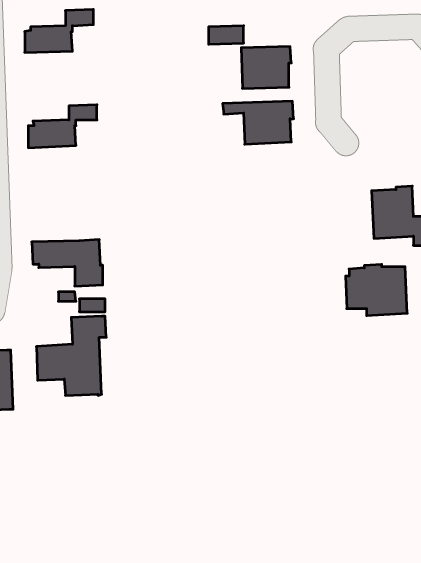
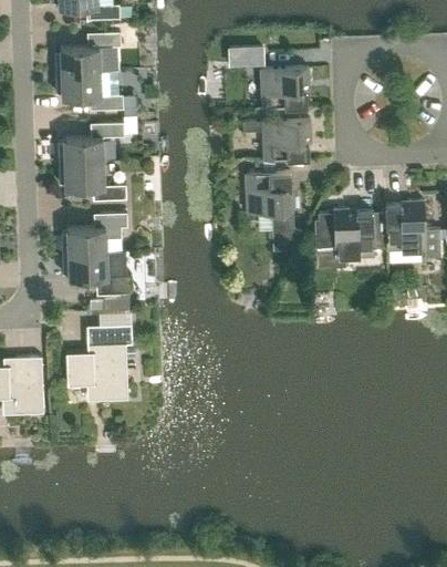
building: none -> [54,72,123,112]
building: none -> [58,163,125,202]
building: none -> [245,174,301,251]
building: none -> [61,214,126,255]
building: [346,264,407,316] -> [314,210,373,259]

